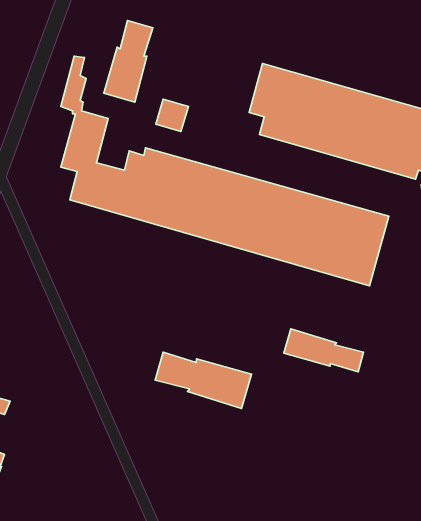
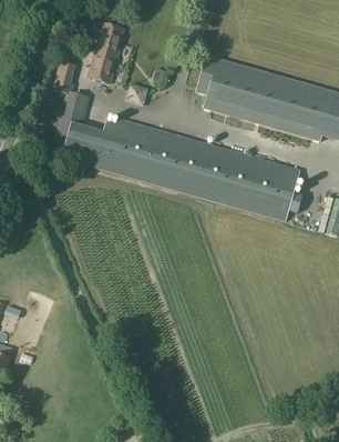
building: [284,329,364,372] -> none
building: [155,352,252,408] -> none

